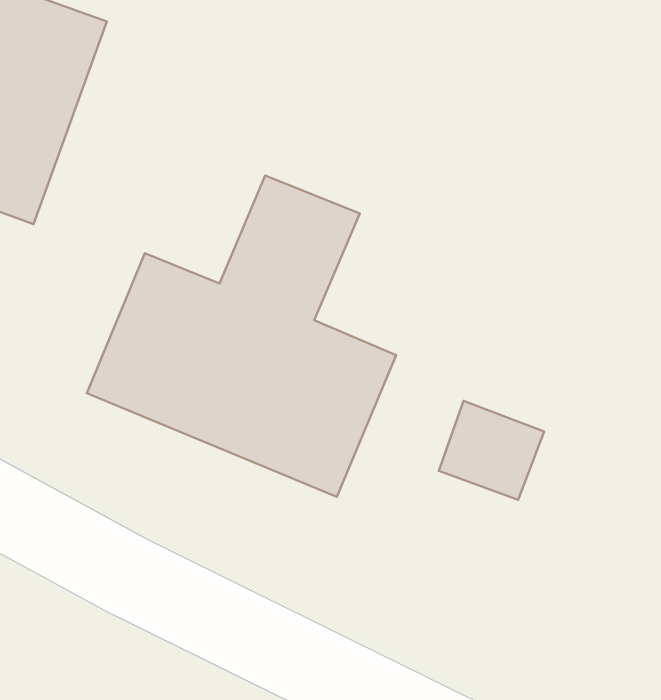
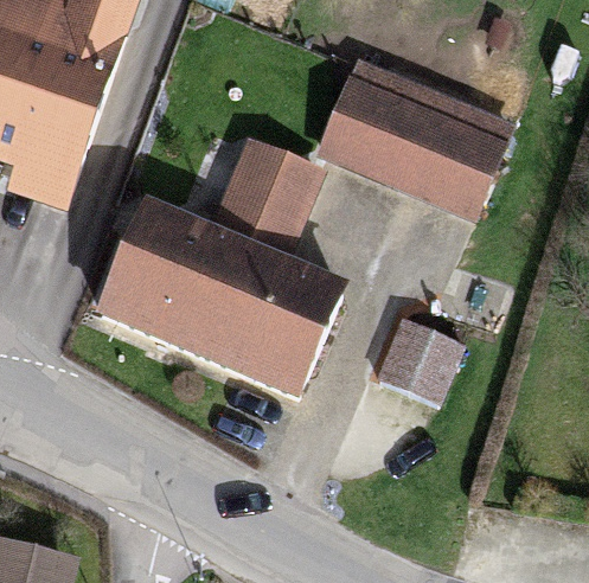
building: none -> [325,71,505,219]

